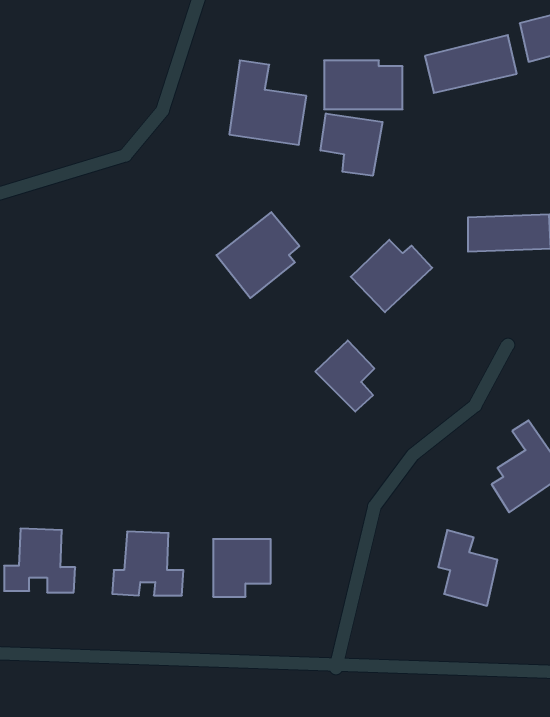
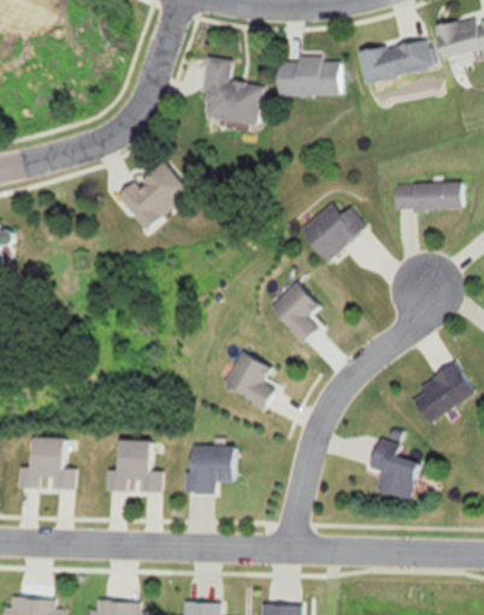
building: [321,113,383,176] -> none
building: [216,212,299,298] -> [118,160,185,230]
building: none -> [222,350,277,408]

